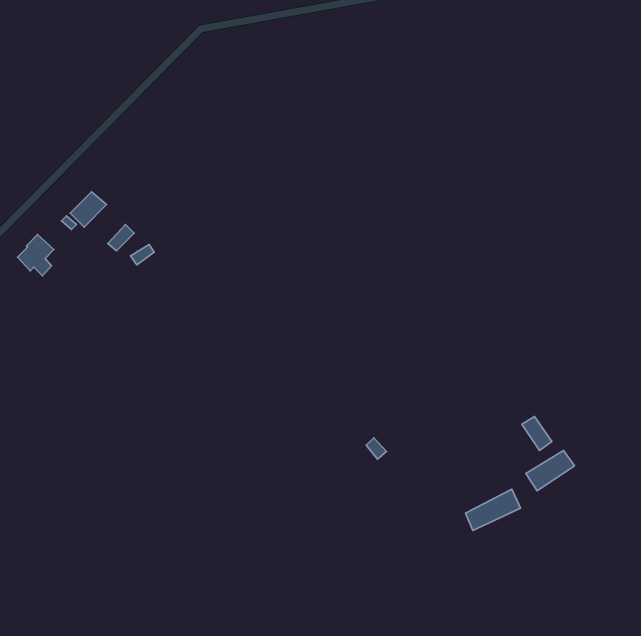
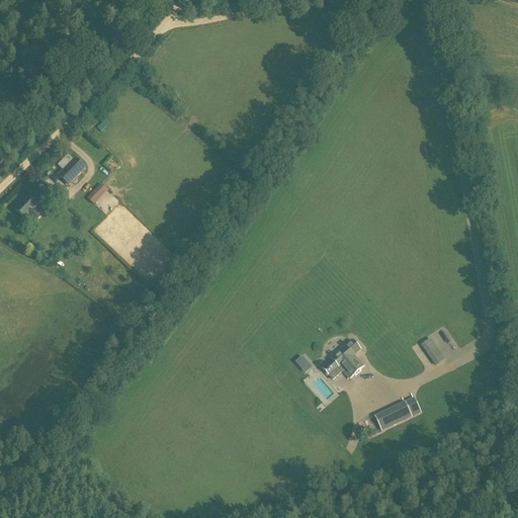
building: none -> [322,337,364,378]
building: [526,450,575,491] -> none

